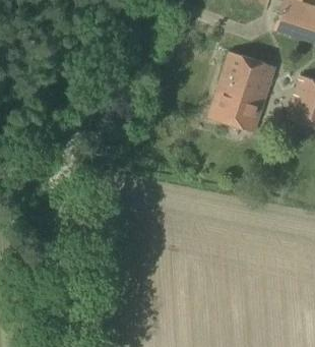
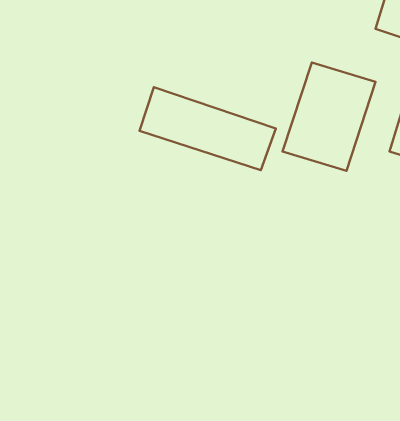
building: none -> [139,87,276,170]

